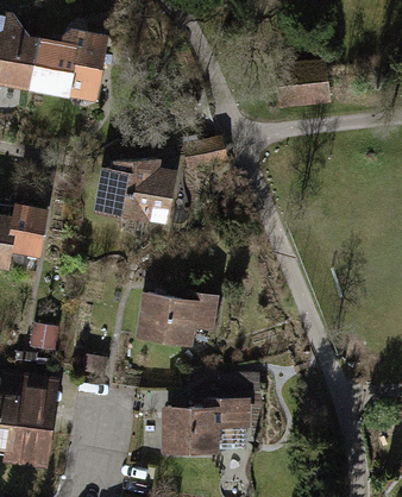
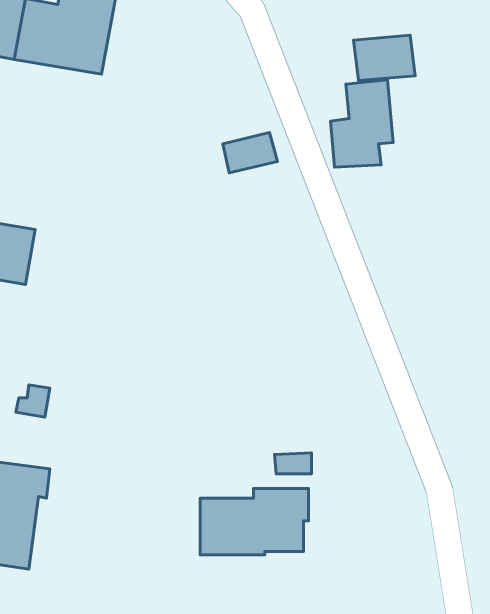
building: none -> [331,80,393,167]
building: [100,161,176,220] -> none
building: [142,294,215,344] -> none

